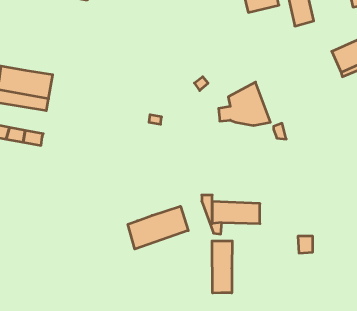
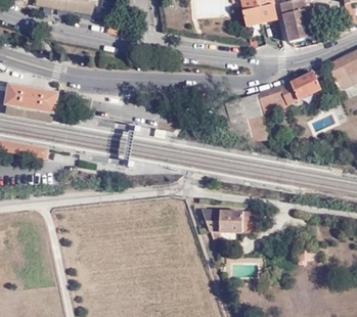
building: none -> [258,71,321,110]
building: [128,206,188,249] -> none
building: [212,241,232,293] -> none

